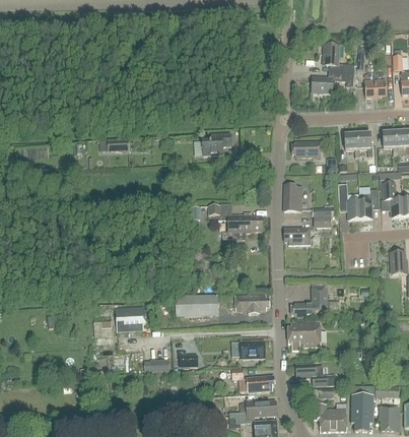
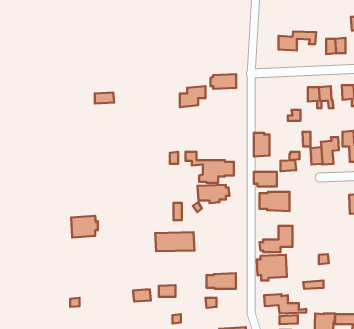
building: [323,43,354,71] -> none
building: [291,139,320,155] -> [210,74,236,89]
building: none -> [259,192,290,211]
building: [234,293,270,313] -> [198,185,230,203]
building: [116,306,145,330] -> [71,216,98,238]
building: [247,374,274,391] -> none

